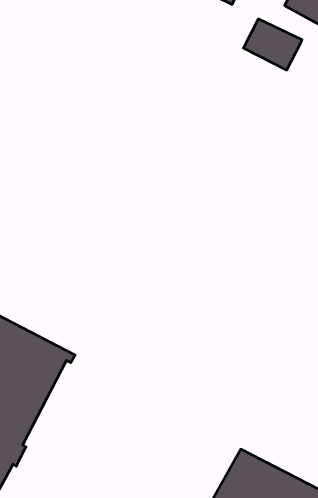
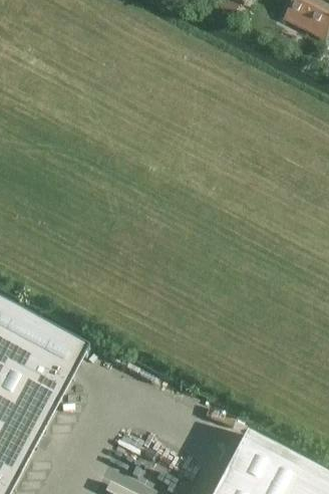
building: [243,19,302,70] -> none

